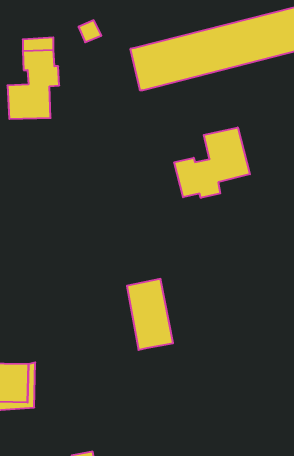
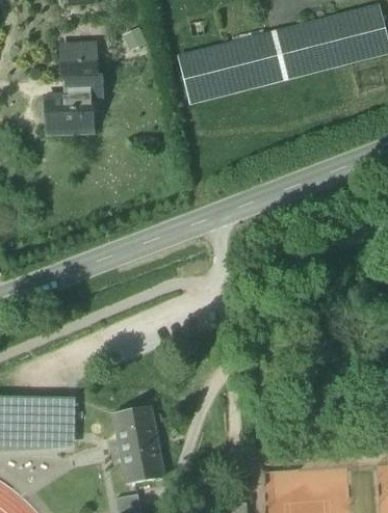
building: [174,127,250,198] -> none
building: [127,279,173,350] -> [114,405,164,482]

